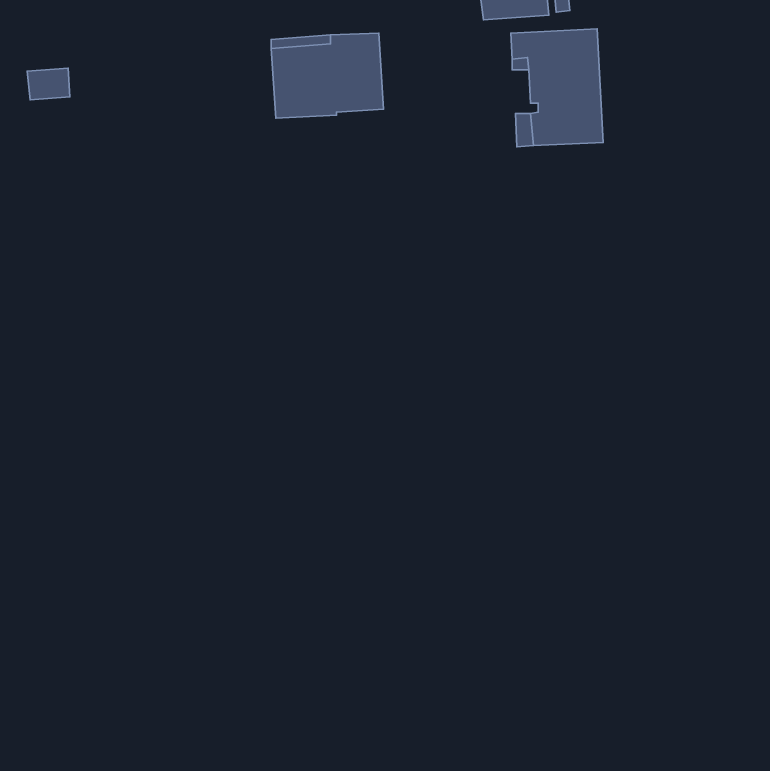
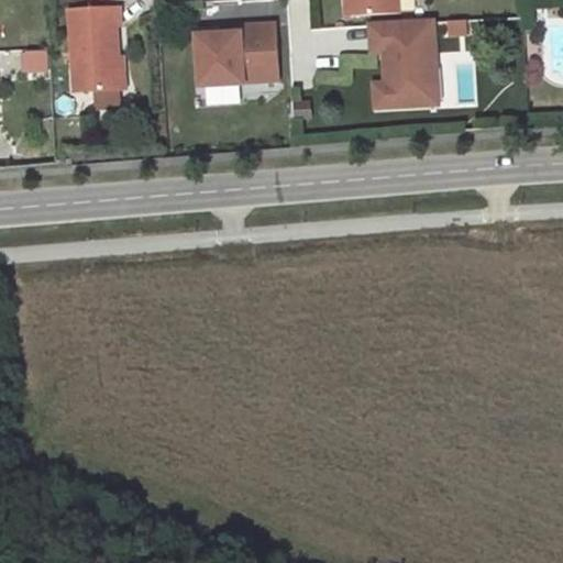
building: none -> [68,5,121,92]

